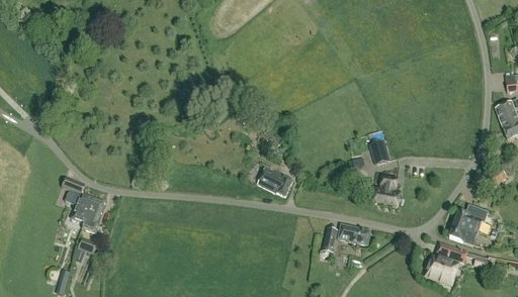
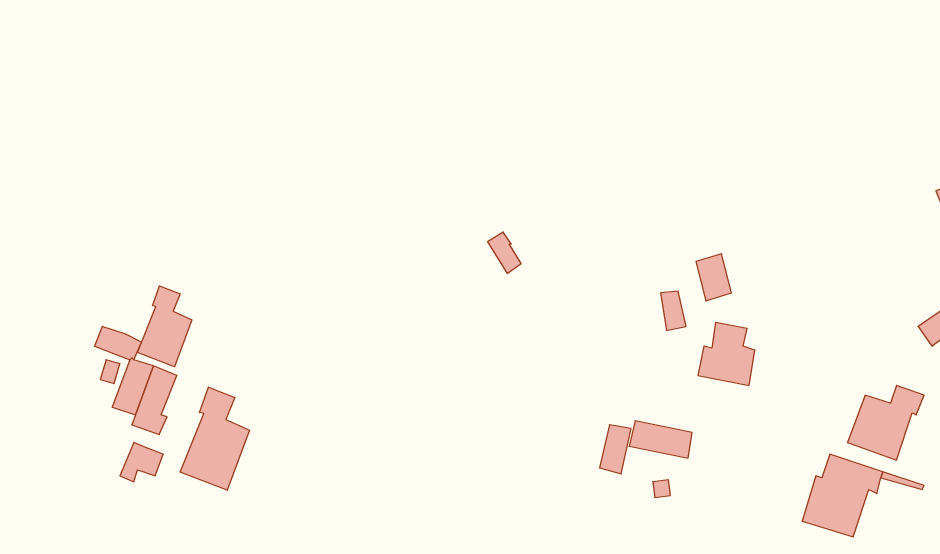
building: none -> [137,286,192,367]
building: [258,168,292,196] -> none
building: none -> [180,387,249,490]

